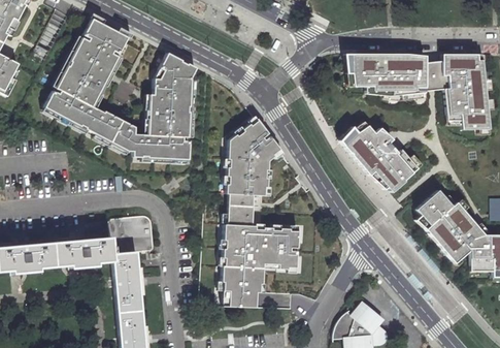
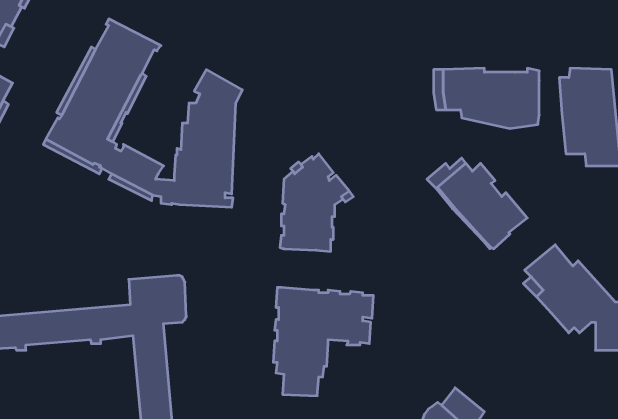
building: [426,61,443,90] -> none
building: [227,193,254,225] -> none

